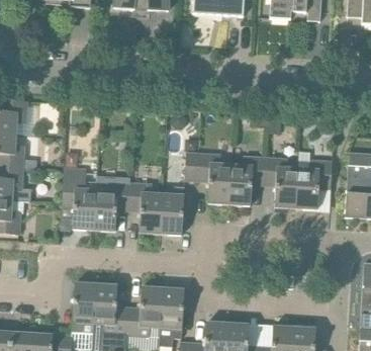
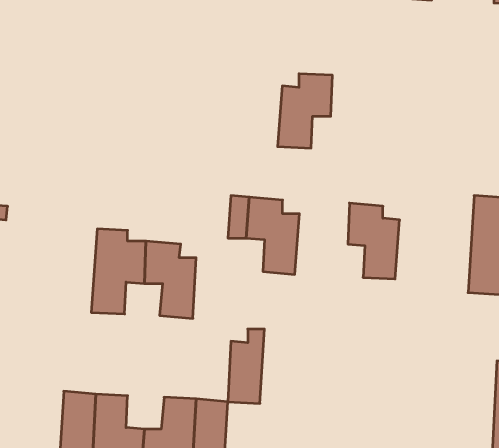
building: [228,156,265,205] -> [278,74,332,148]
building: [295,160,332,209] -> none
building: [62,165,97,230] -> none
building: [161,185,185,235] -> [228,329,264,403]

